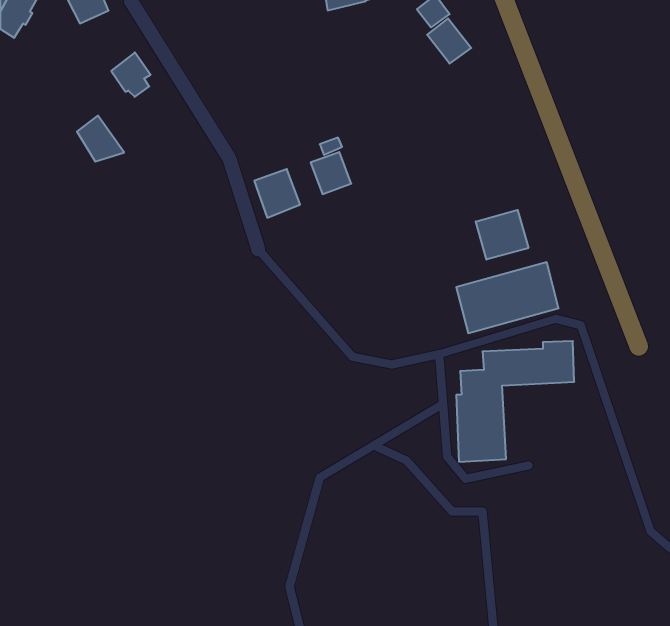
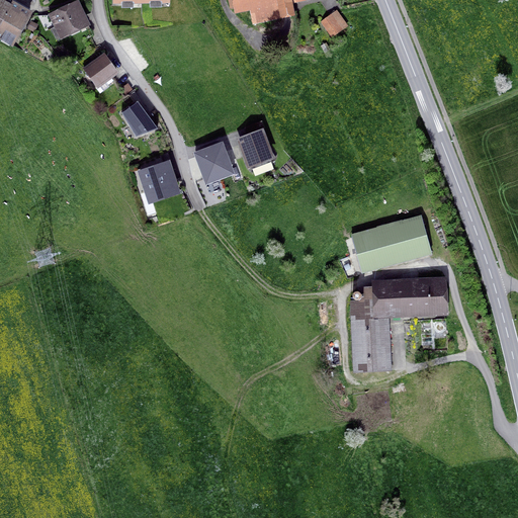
building: [427,18,471,64] -> none
building: [77,116,124,162] -> [121,100,158,136]
building: none -> [141,163,177,196]
building: [476,210,528,260] -> none

